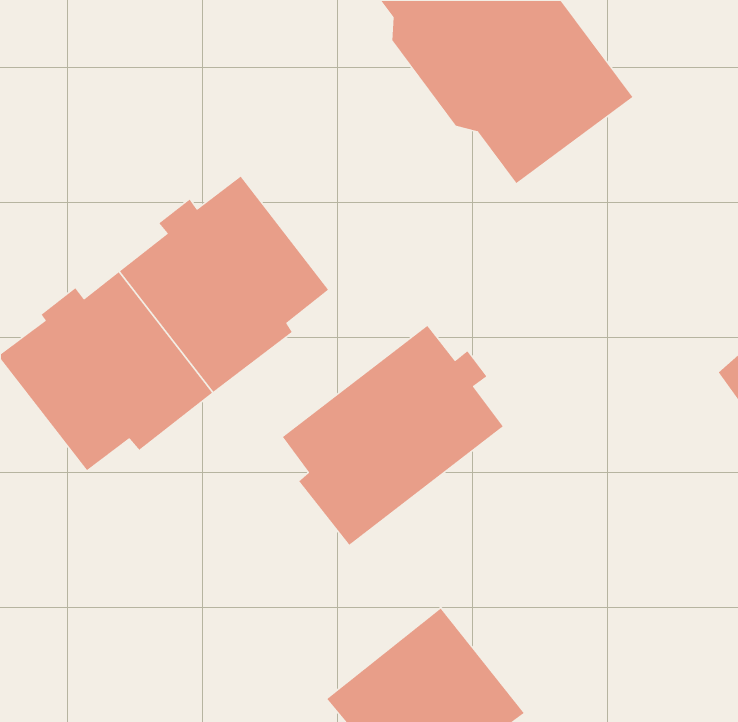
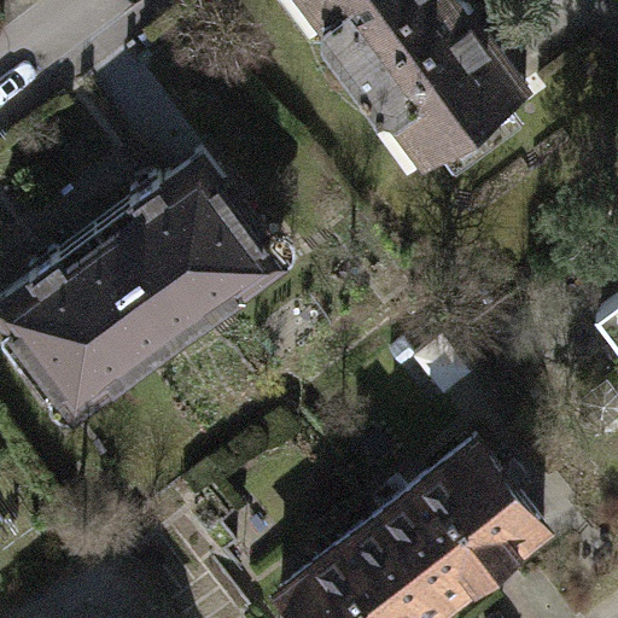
building: [282,325,504,546] -> none
building: none -> [369,445,537,610]

